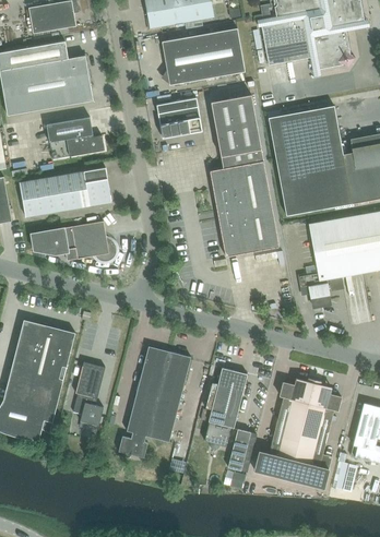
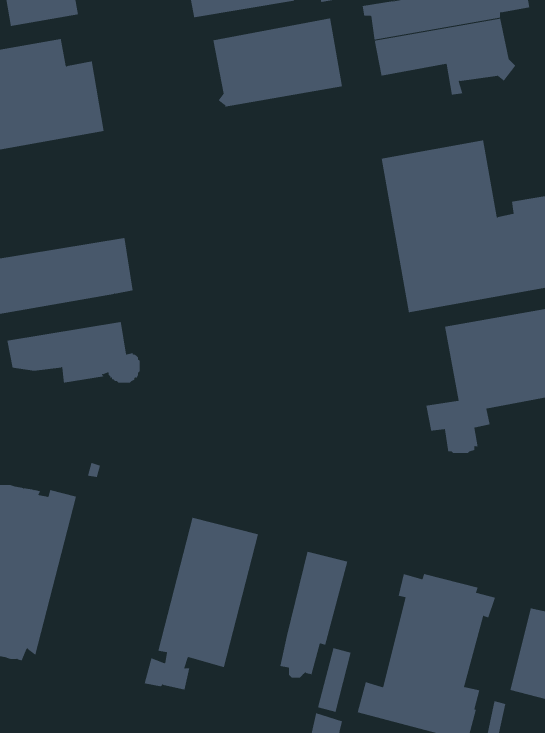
building: [210,94,280,256] -> none
building: [156,97,202,135] -> none
building: [46,116,105,158] -> none
building: [73,360,105,425] -> none

